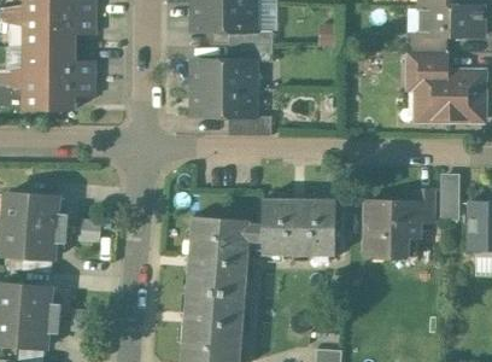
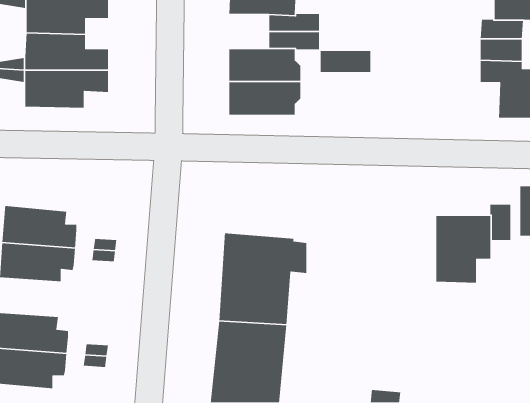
building: [227,117,270,136] -> [320,50,371,73]
building: [260,199,335,256] -> none

